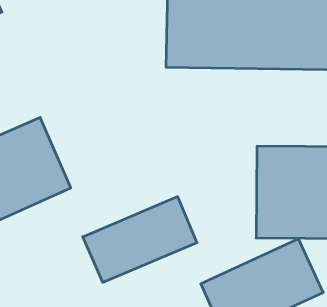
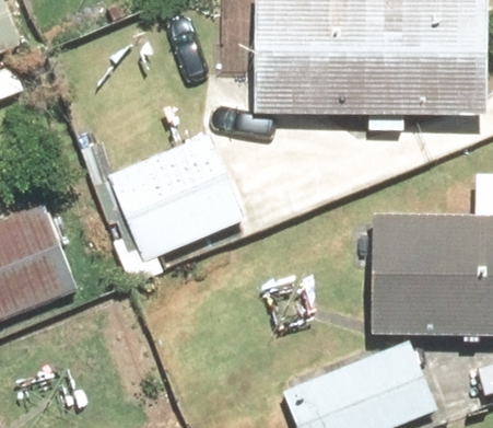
building: none -> [116,130,253,255]
building: [83,197,197,282] -> none

